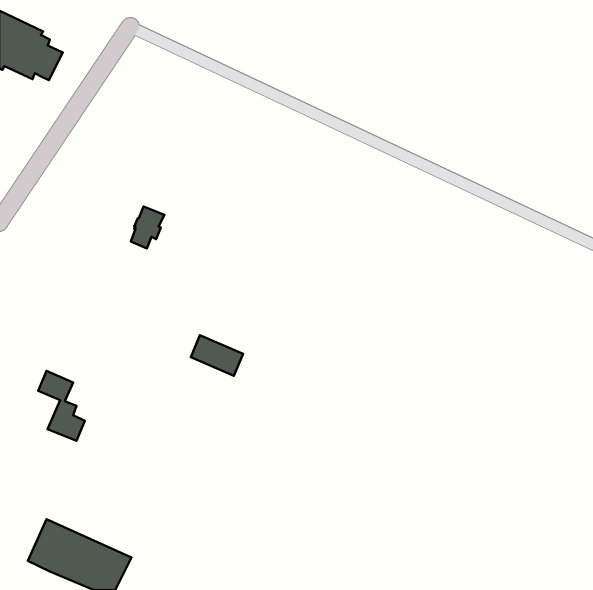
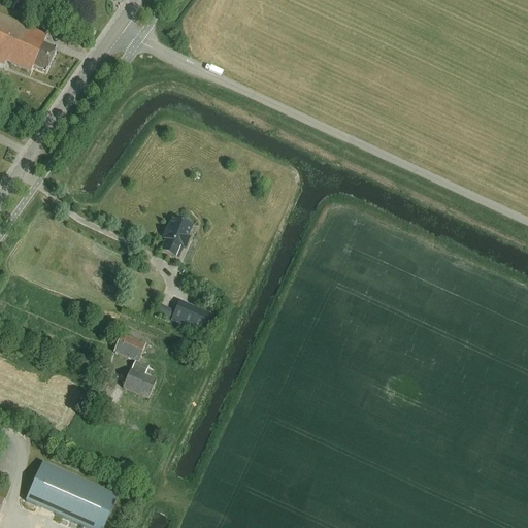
building: [131,207,164,249] -> [161,216,191,253]
building: [38,371,85,441] -> [116,333,157,395]

